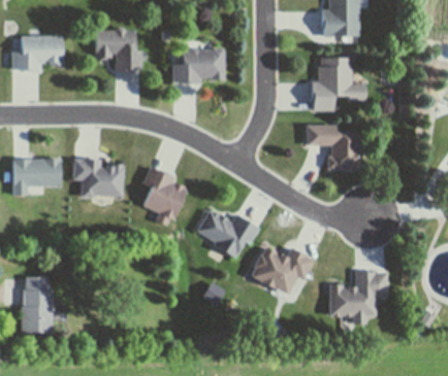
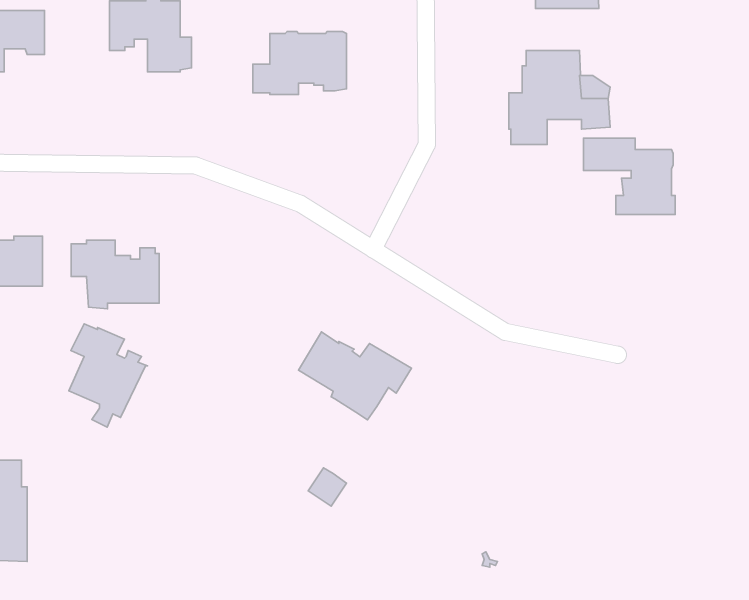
building: [311,127,360,168] -> [583,138,675,215]
building: [143,168,186,224] -> [69,324,147,427]
building: [252,248,312,294] -> none
building: [329,272,384,323] -> none

